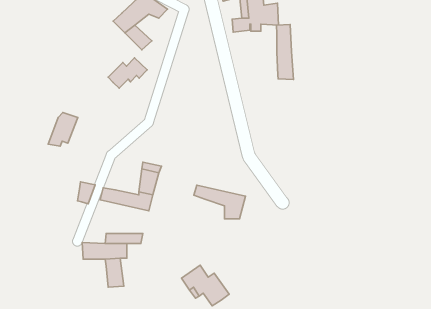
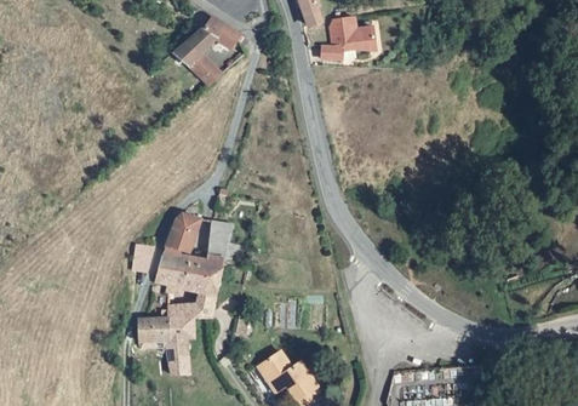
building: [277,25,294,79] -> none
building: [108,58,147,88] -> none
building: [48,112,78,146] -> [162,213,199,255]
building: [194,185,245,219] -> [155,267,218,308]

